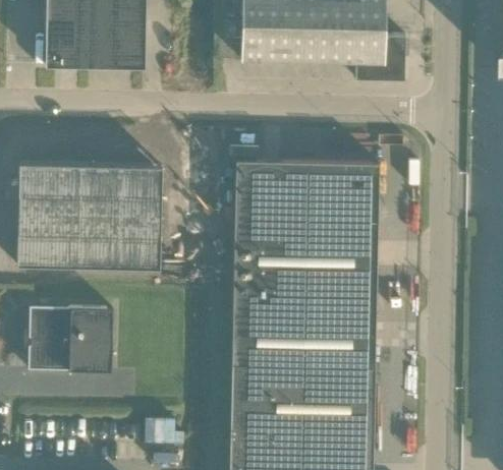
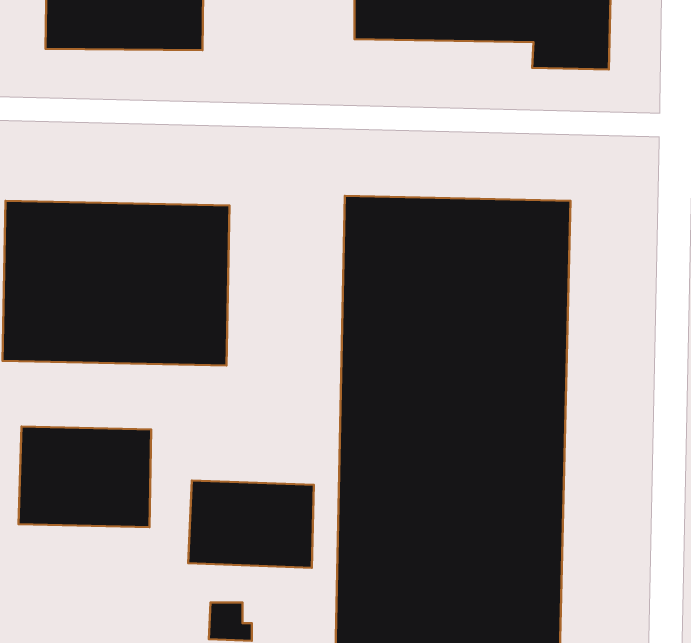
building: none -> [188,480,314,568]

